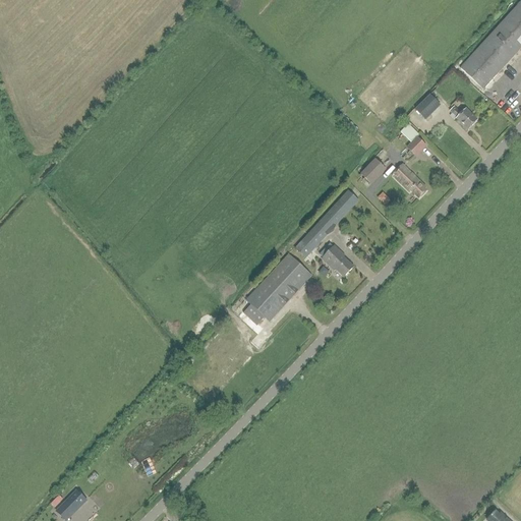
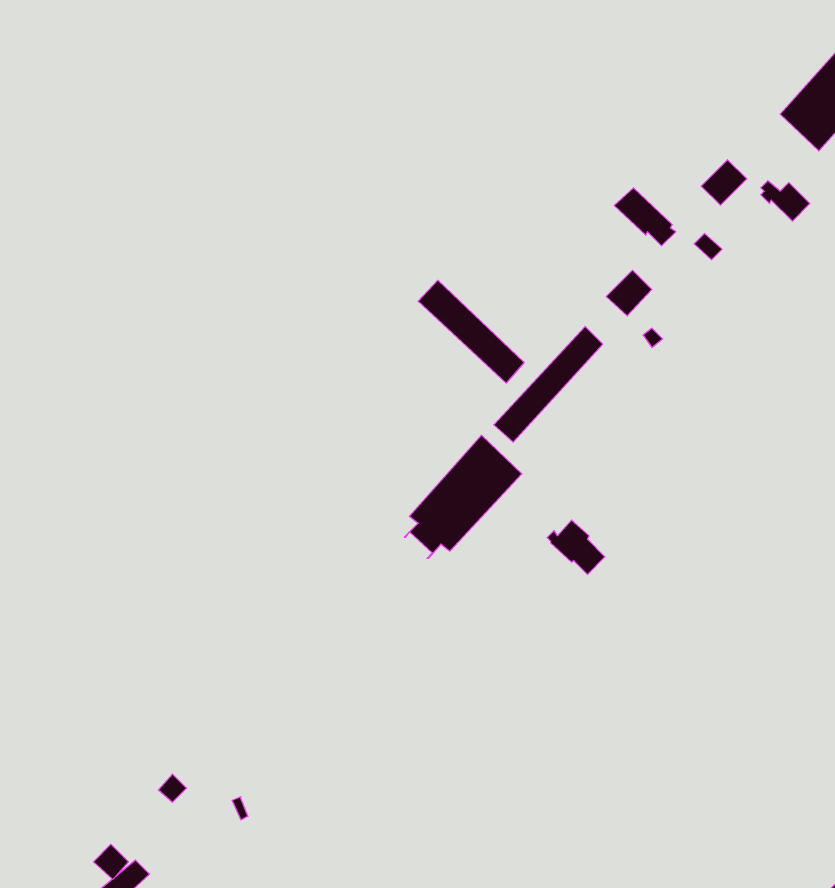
building: none -> [418,280,524,383]
building: [391,164,426,197] -> [614,188,676,246]
building: [320,245,353,277] -> [547,520,605,574]

